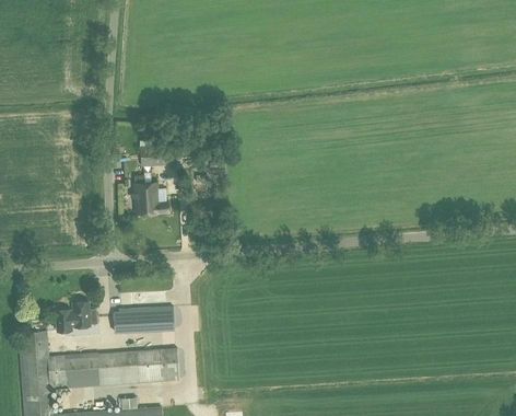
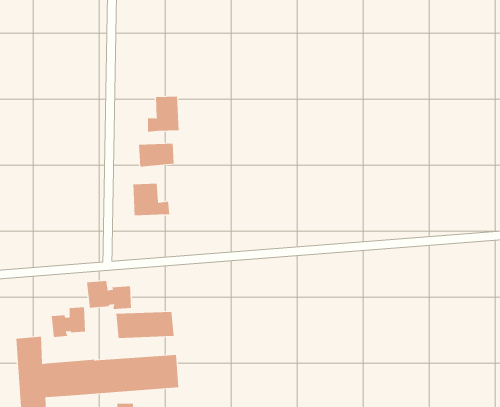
building: none -> [147,96,179,133]
building: none -> [86,280,131,310]

